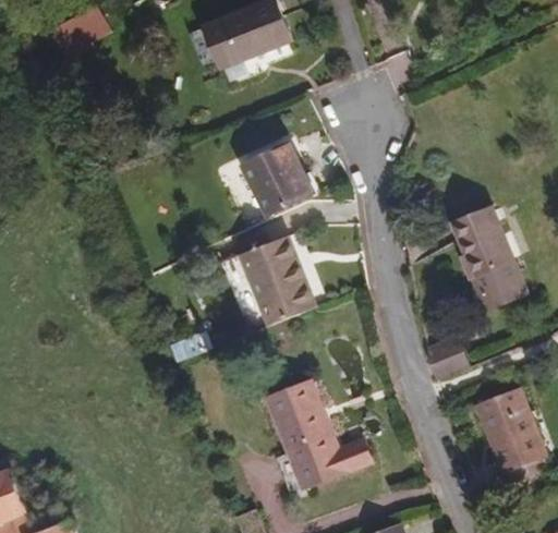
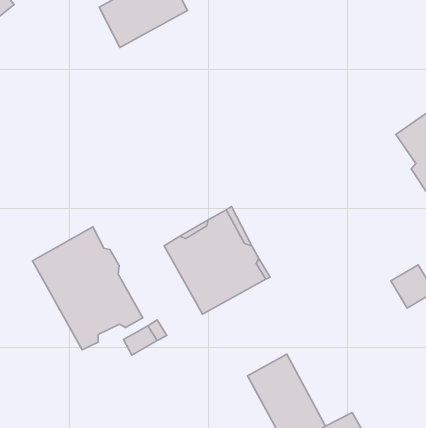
building: [236,149,303,219] -> none
building: none -> [32,227,143,350]

